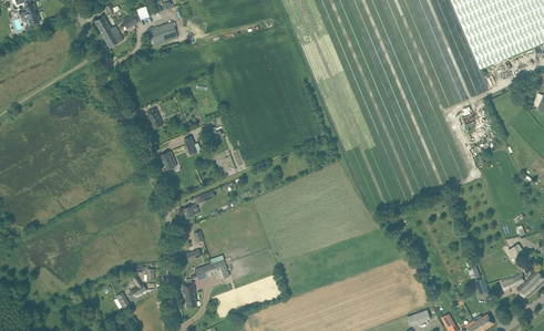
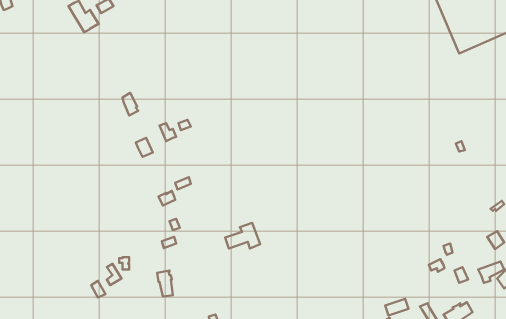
building: [148,21,178,45] -> none
building: [195,255,229,280] -> [225,223,260,249]

